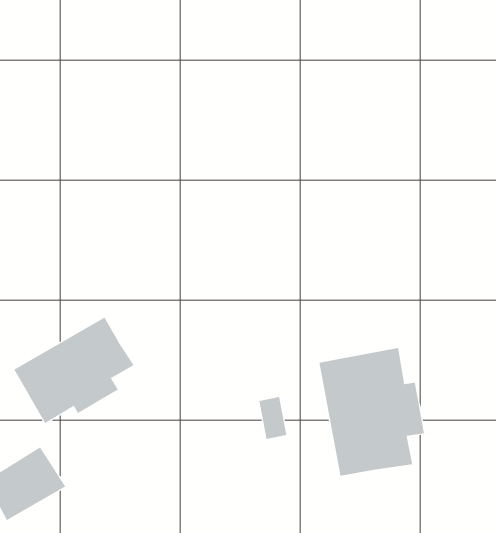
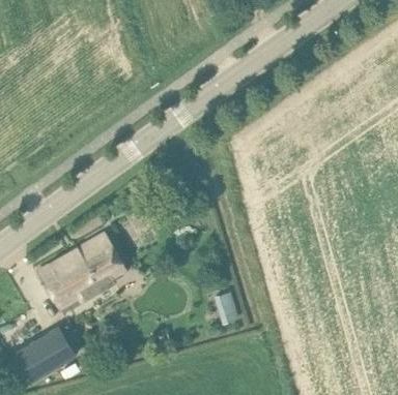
building: [319,347,424,477] -> none

